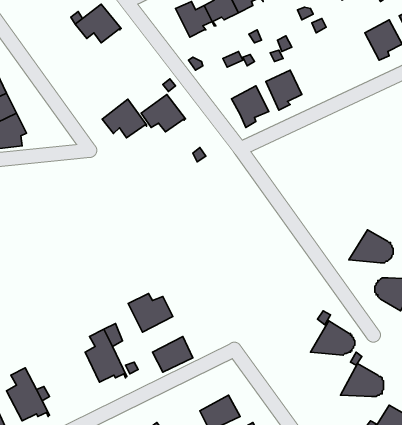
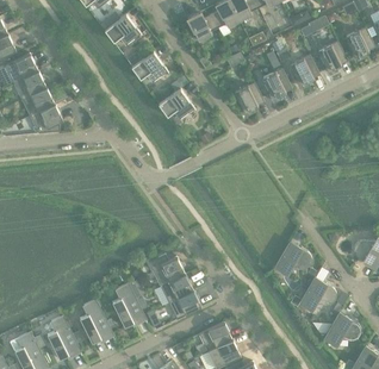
building: none -> [316,40,347,74]
building: none -> [288,54,318,87]
building: [102,99,147,138] -> [130,50,167,82]
building: [349,230,393,263] -> [273,242,310,269]
building: none -> [159,273,192,302]
building: none -> [77,299,113,344]
building: none -> [197,321,230,351]

